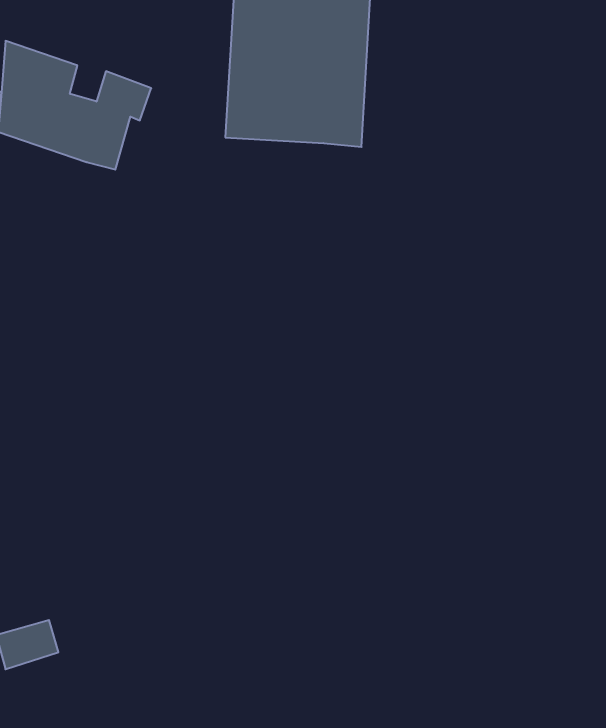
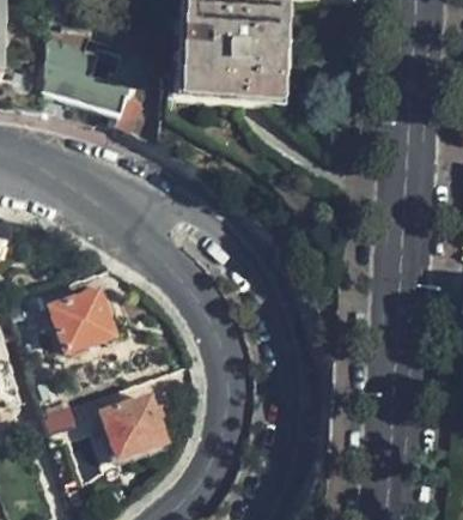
building: none -> [51,288,111,350]
building: none -> [95,398,163,461]

